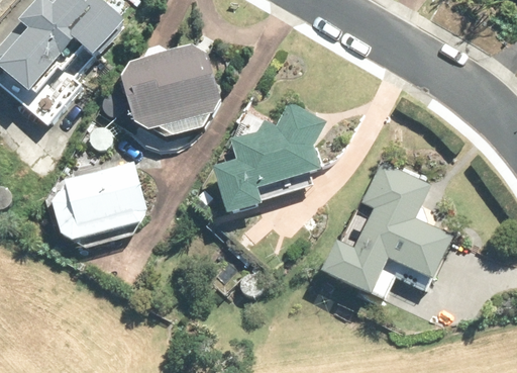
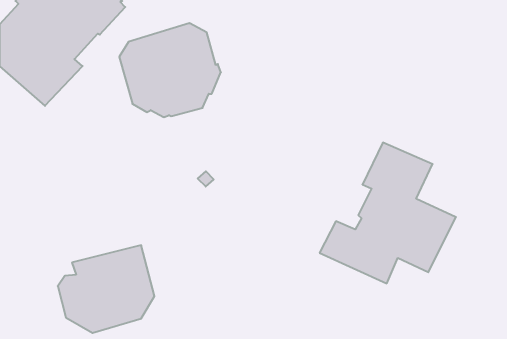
building: [211,100,327,212] -> none
building: [50,161,146,248] -> [58,245,154,333]

